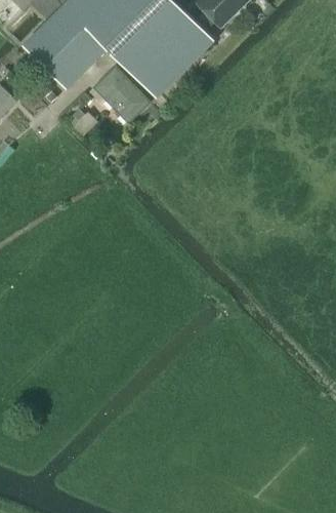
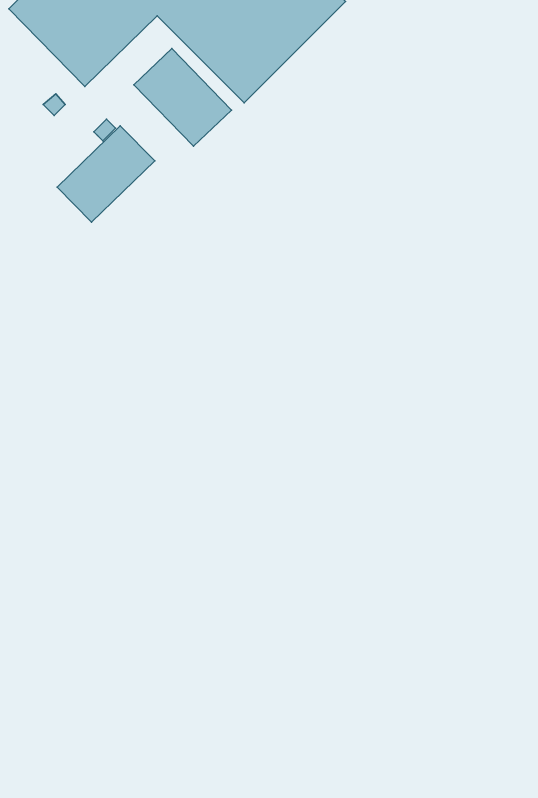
building: none -> [57,126,155,222]

